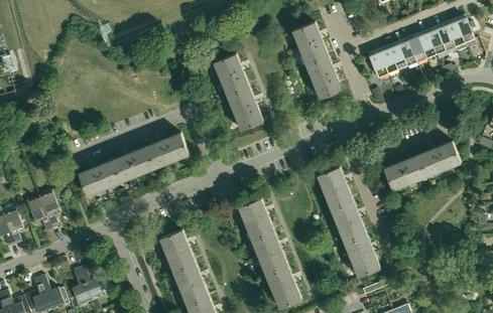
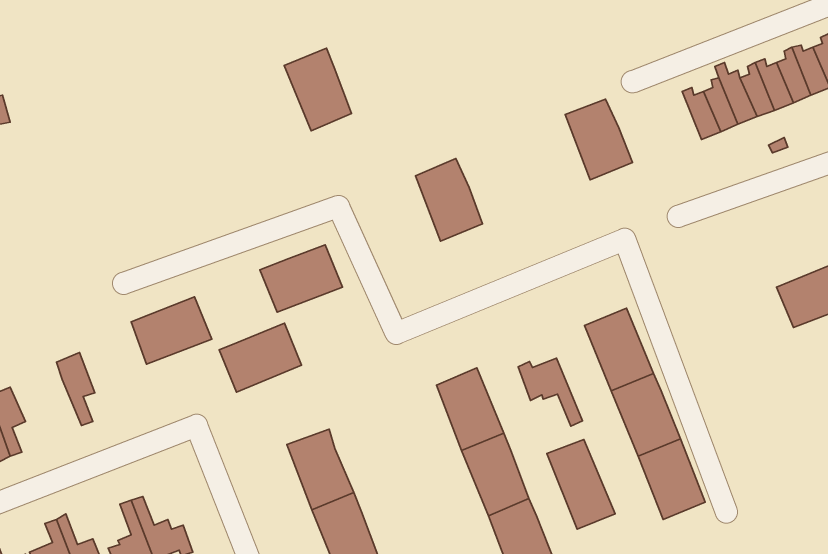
building: [292,22,328,64] -> none
building: [214,53,249,97] -> [284,48,352,131]
building: [112,146,155,182] -> [219,323,302,392]
building: [383,155,426,190] -> none
building: none -> [518,358,582,426]
building: [26,194,52,230] -> none
building: none -> [547,439,615,529]

